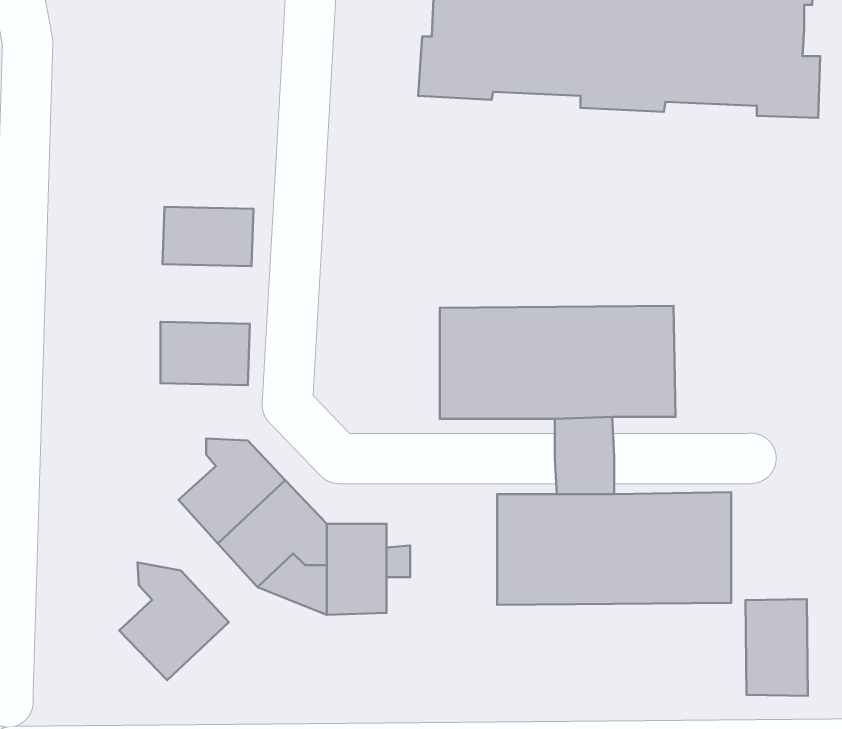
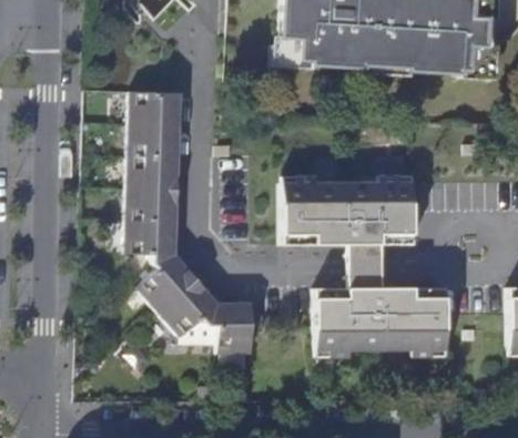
building: none -> [130,94,181,129]
building: none -> [128,160,179,193]
building: none -> [126,226,176,258]
building: [119,563,229,680] -> none
building: [745,599,808,696] -> none

